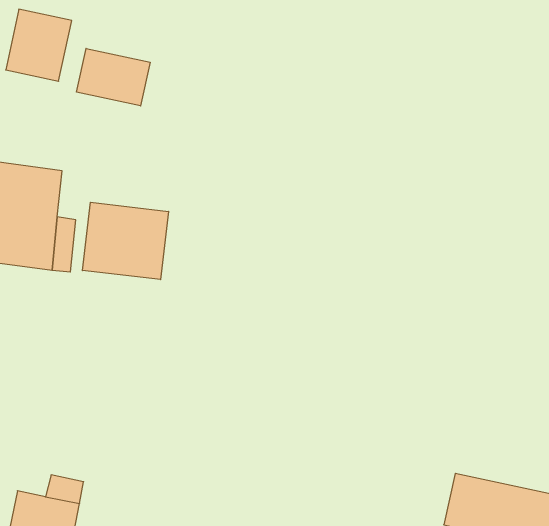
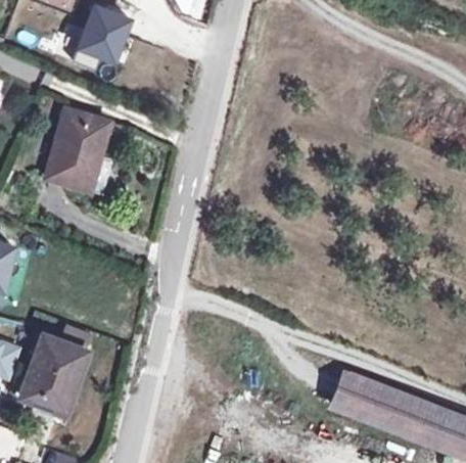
building: [77,48,150,106] -> none
building: [82,202,169,280] -> none

